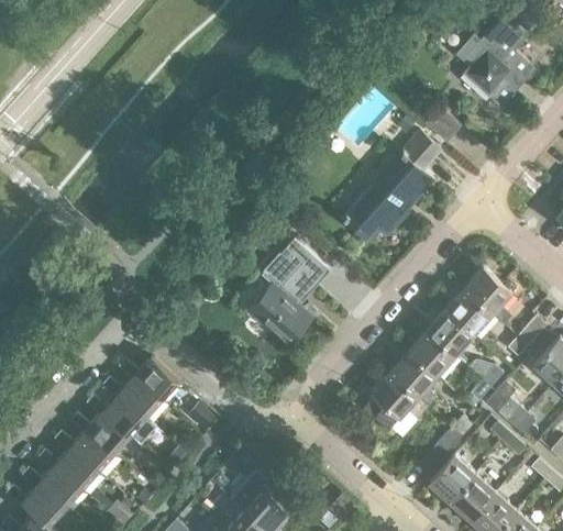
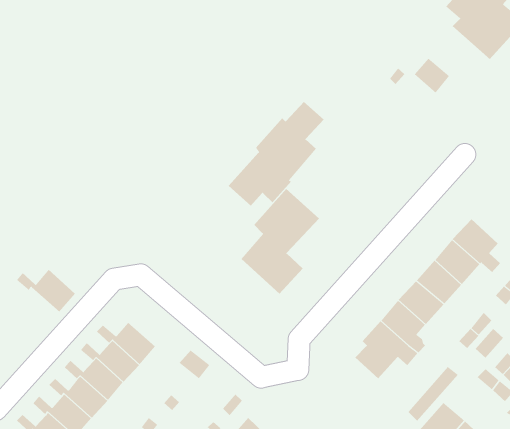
building: [343,132,441,239] -> [228,101,324,207]
building: [119,354,179,398] -> [16,269,76,312]

